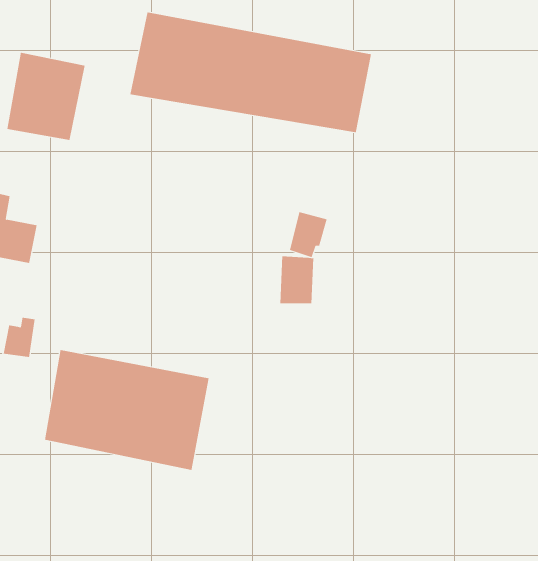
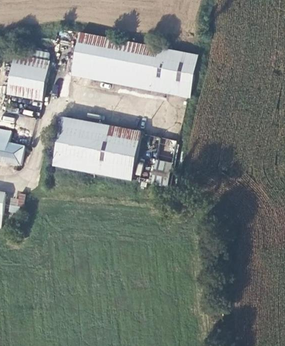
building: [44,349,210,471] -> [54,116,140,179]

